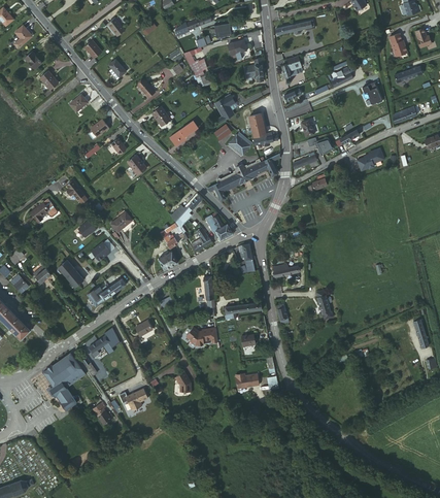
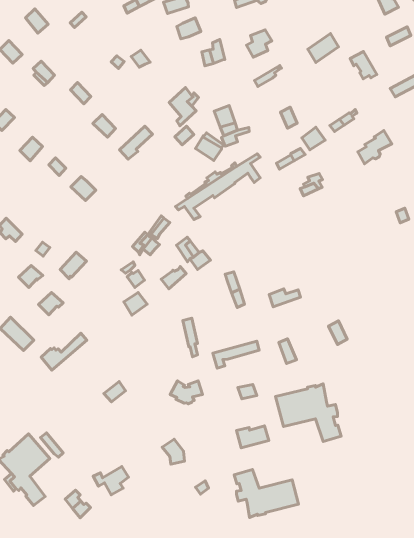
building: [88,328,120,357] -> none
building: none -> [276,384,341,442]
building: none -> [234,470,299,517]

